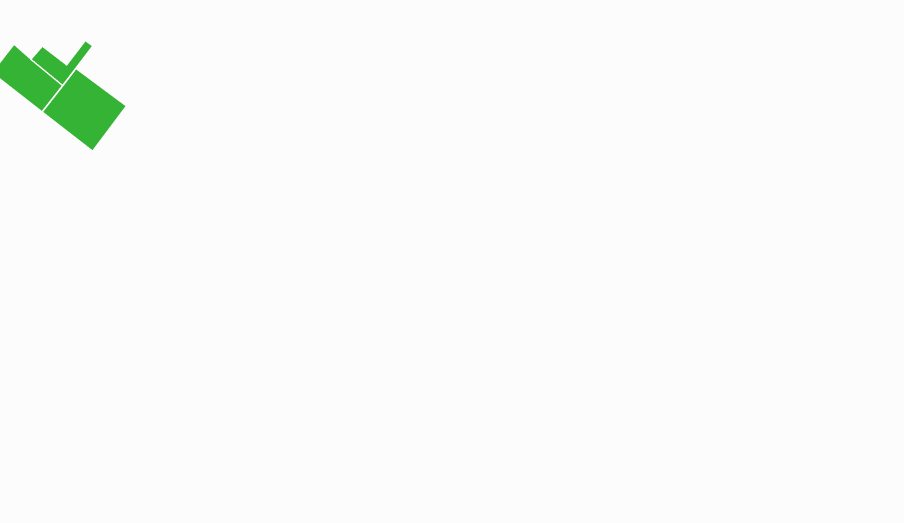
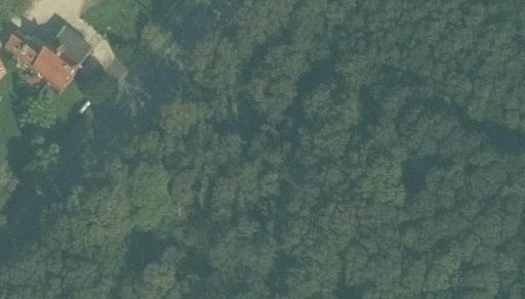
building: none -> [50,27,90,63]

